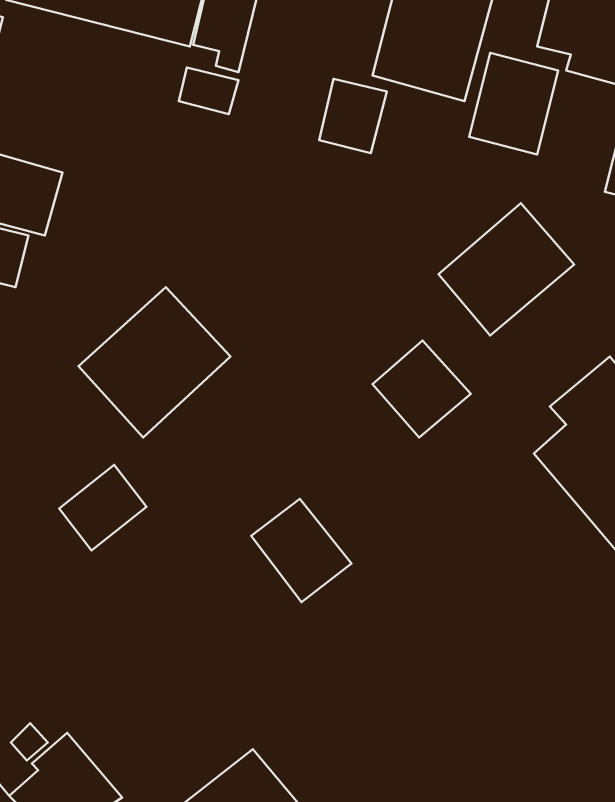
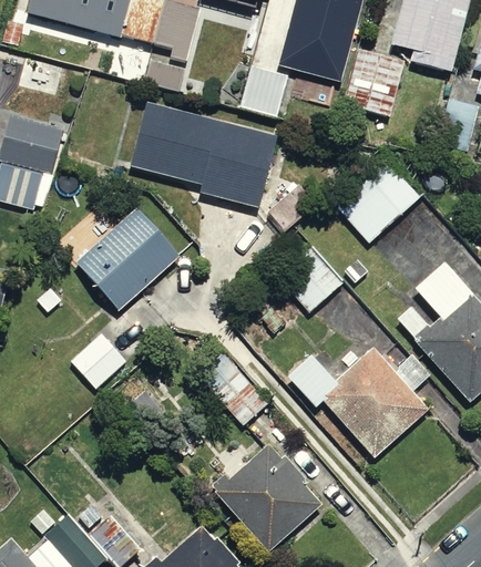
building: none -> [119,102,273,213]
building: none -> [279,348,419,455]
building: none -> [202,435,321,555]

